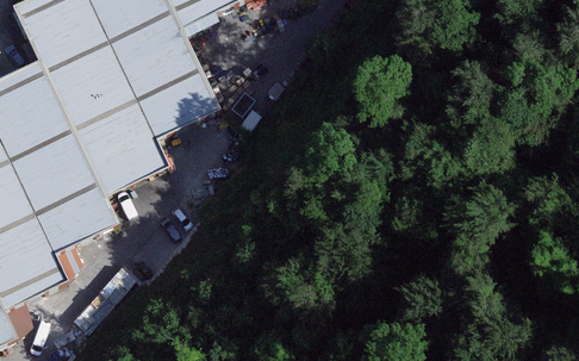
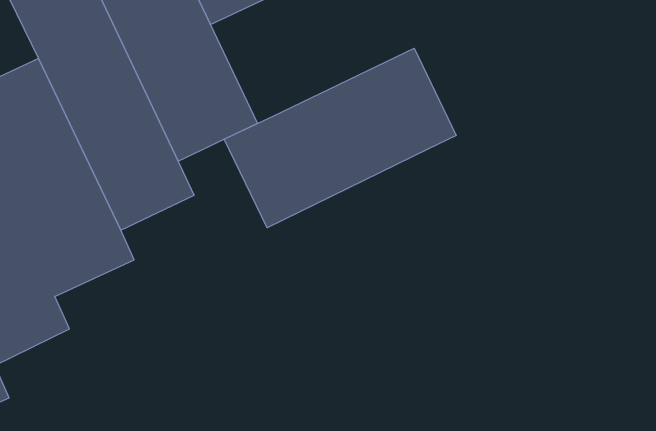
building: none -> [224,48,456,228]

